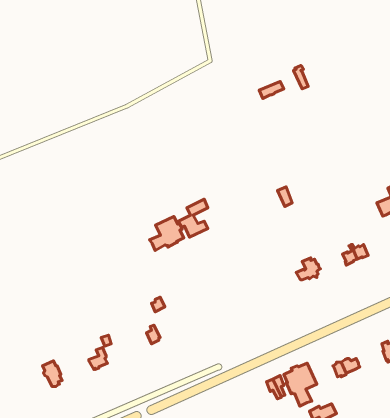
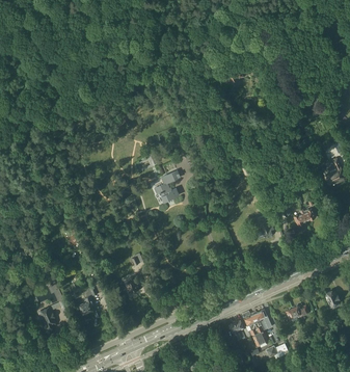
building: [149,216,184,250] -> none

